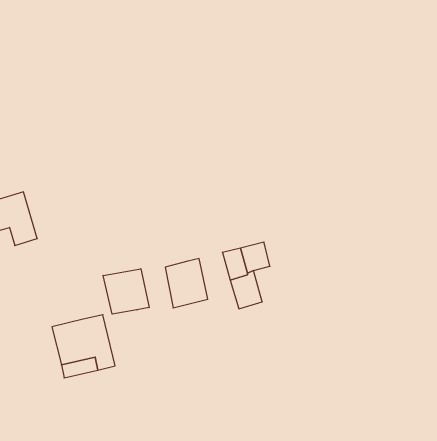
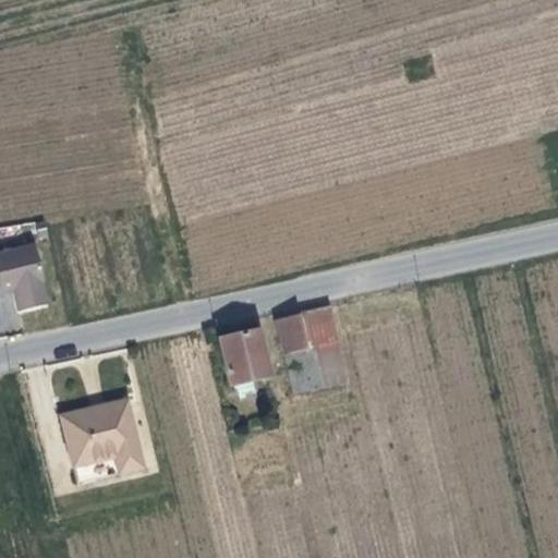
building: [103,269,149,314] -> none

